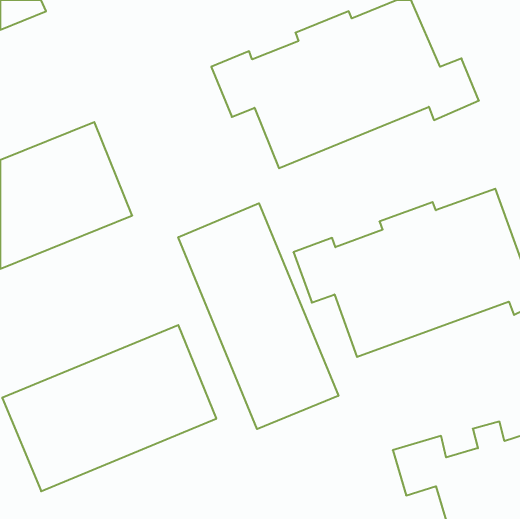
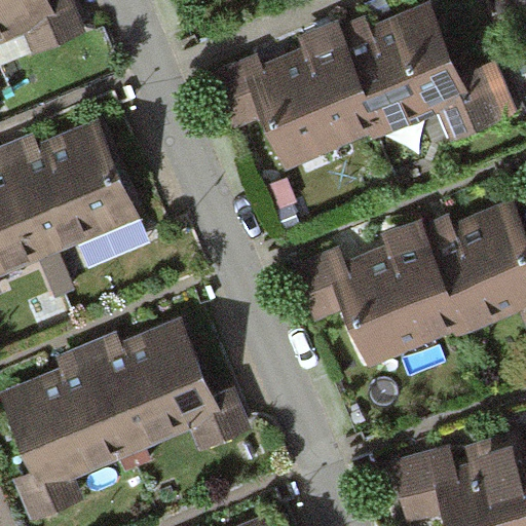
building: [178,203,338,429] -> none

